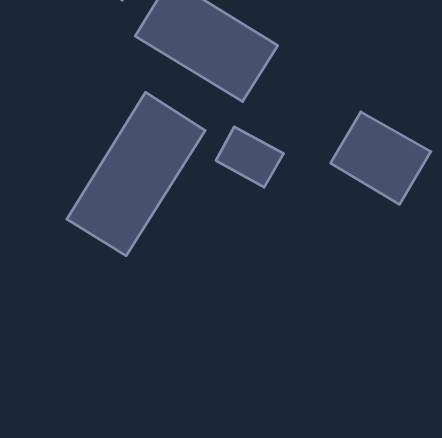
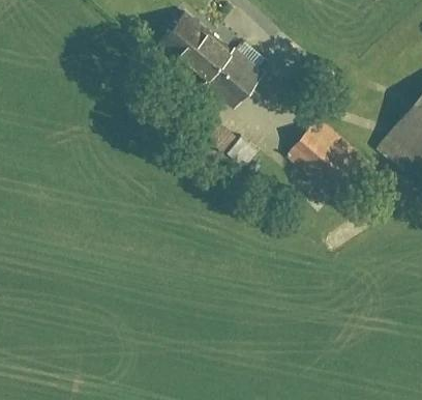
building: [67,92,205,256] -> none

